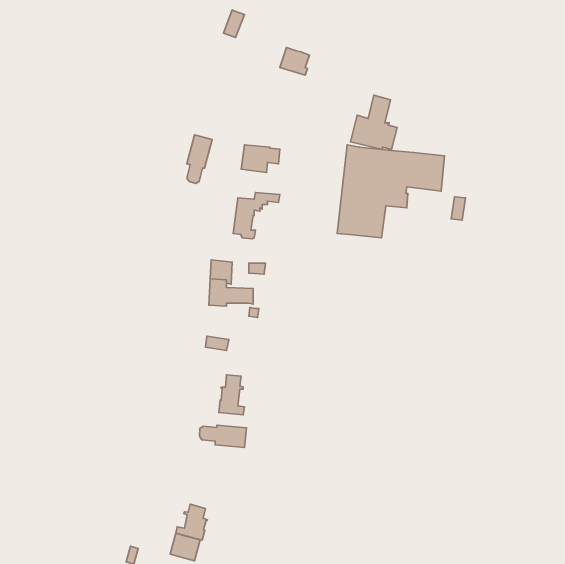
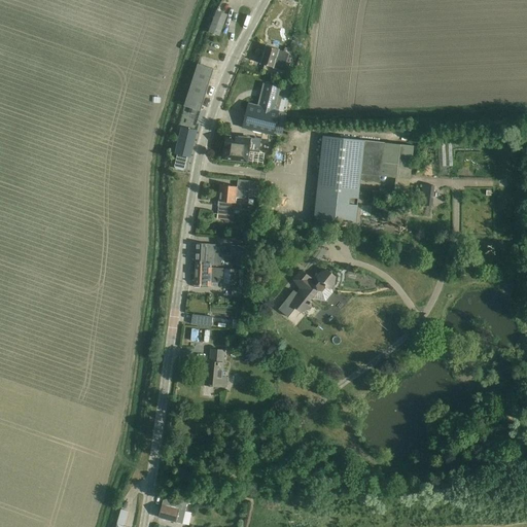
building: none -> [183,63,214,110]
building: [351,95,397,149] -> [243,83,286,134]
building: none -> [279,269,336,316]
building: [200,425,246,447] -> none
building: [176,504,208,540] -> none

